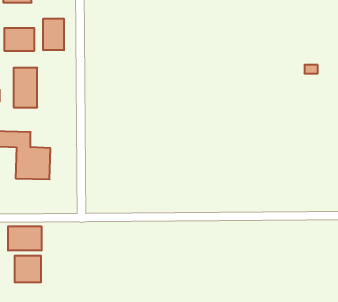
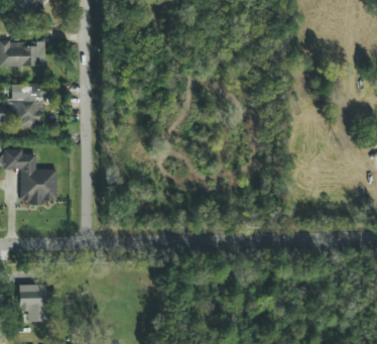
building: [43,19,64,50] -> none
building: [8,226,41,251] -> none

